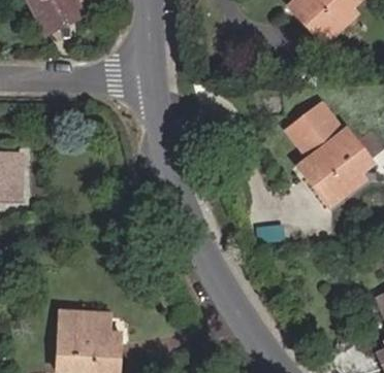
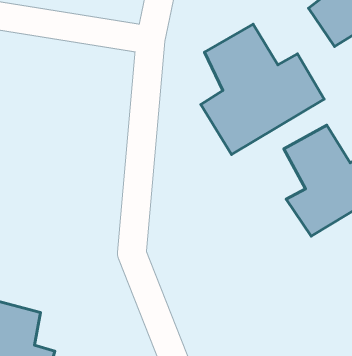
building: none -> [201,24,324,155]

